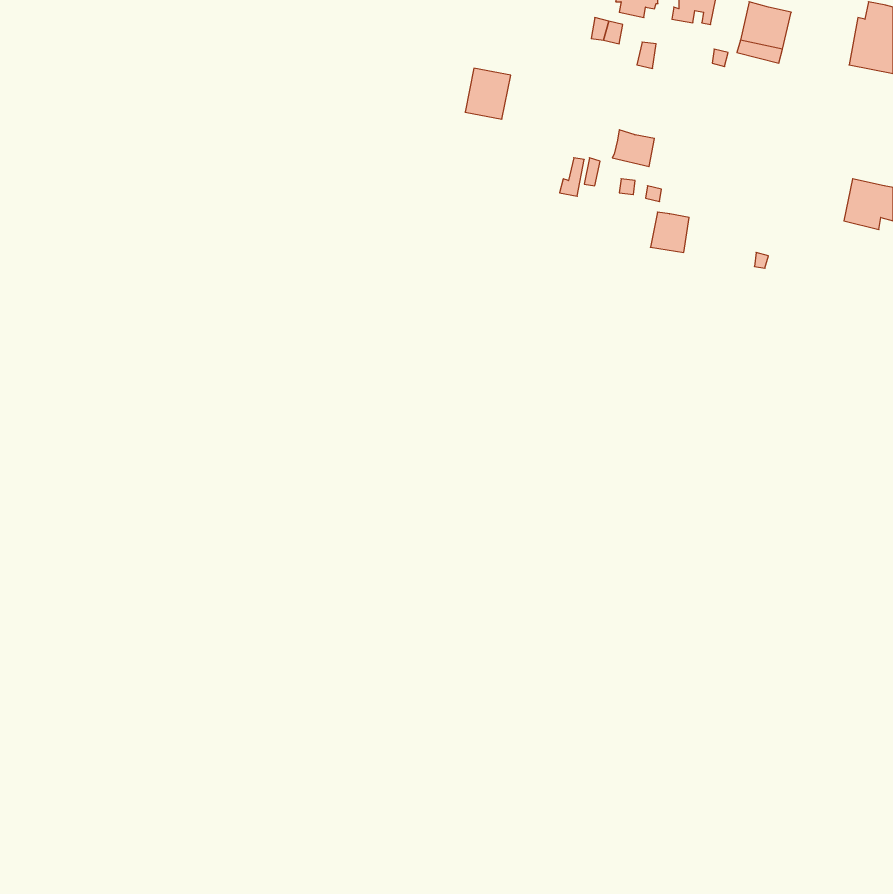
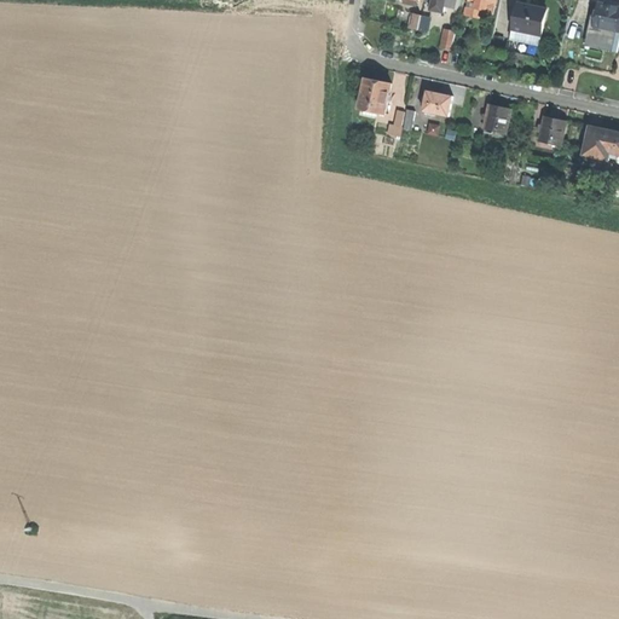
building: [465,68,511,119] -> [358,77,389,112]
building: none -> [538,115,565,144]
building: [650,212,689,252] -> [482,104,509,132]

